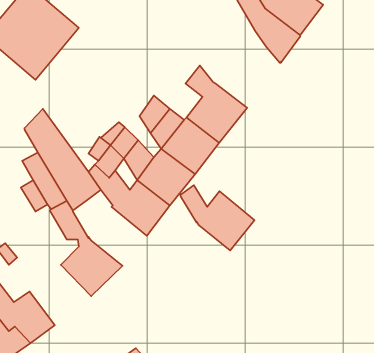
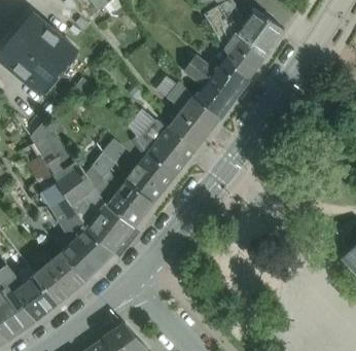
building: none -> [184,55,249,119]
building: [181,185,254,250] -> [72,199,135,254]
building: none -> [35,253,87,305]

